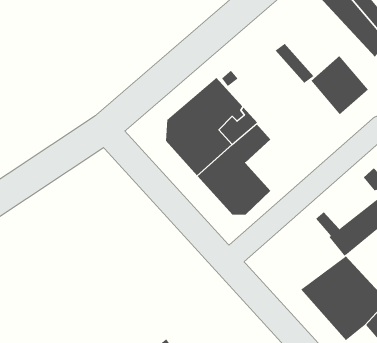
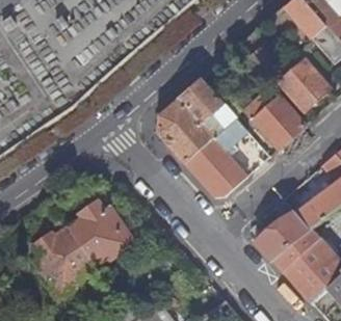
building: none -> [244,93,305,148]
building: none -> [256,198,310,260]
building: none -> [34,203,134,295]

